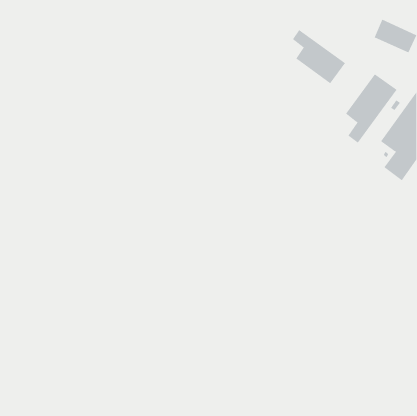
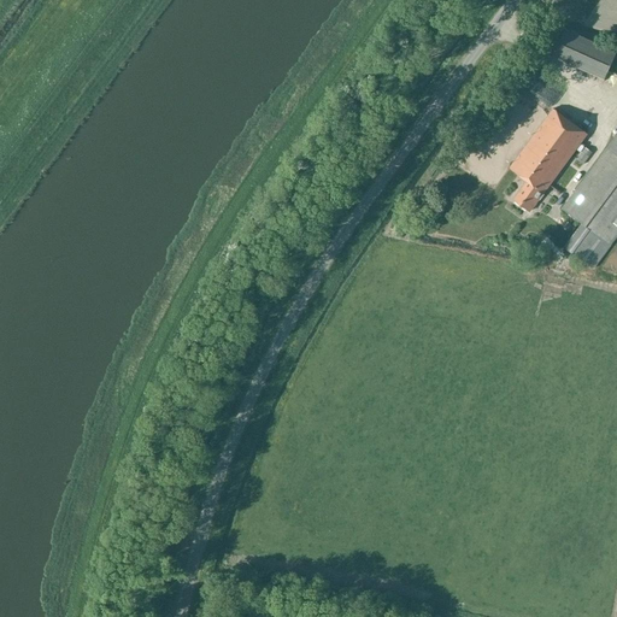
building: [292,29,346,84] -> none

